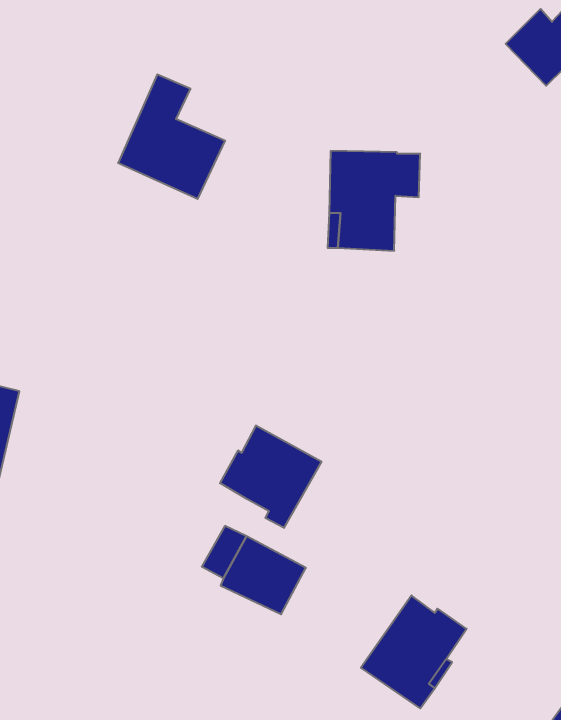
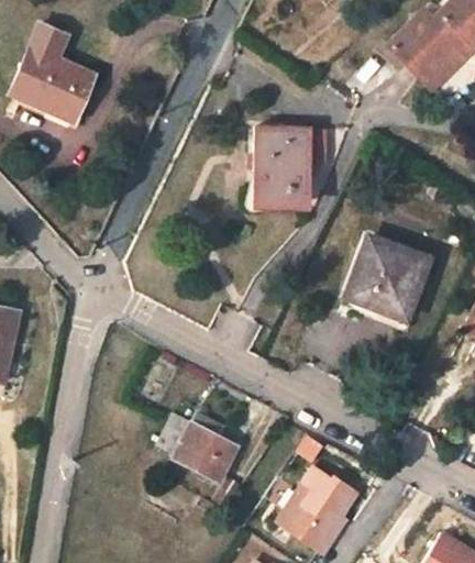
building: [118,74,225,199] -> [12,25,93,120]
building: none -> [346,239,427,313]
building: [220,425,321,528] -> none

